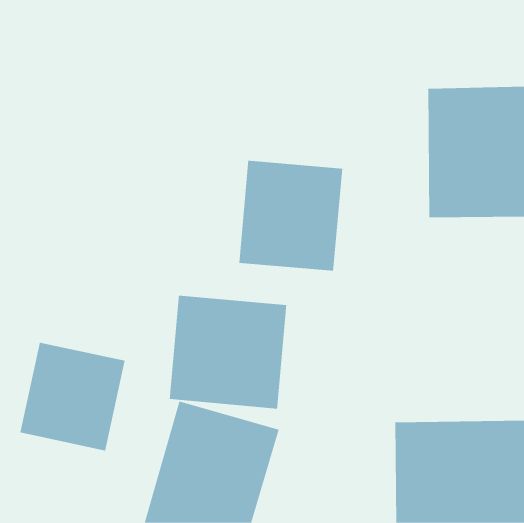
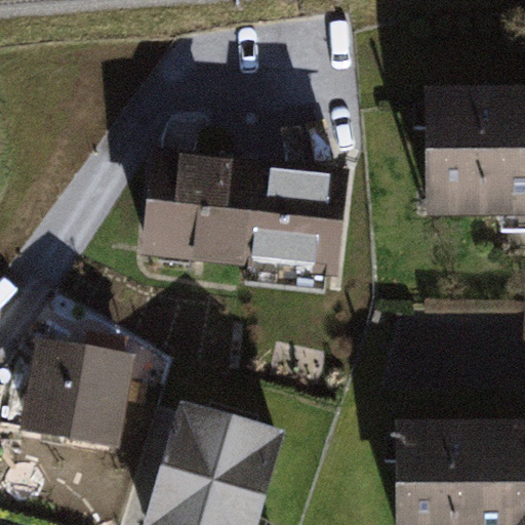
building: none -> [144,152,248,262]
building: [169,295,287,409] -> none

